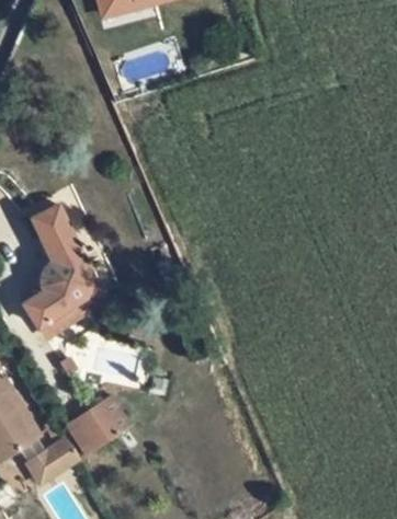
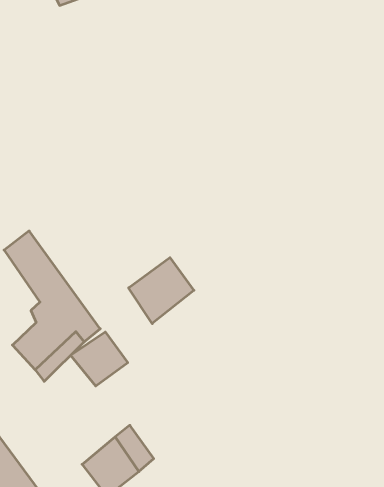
building: none -> [129,258,194,324]
building: none -> [71,332,128,386]

